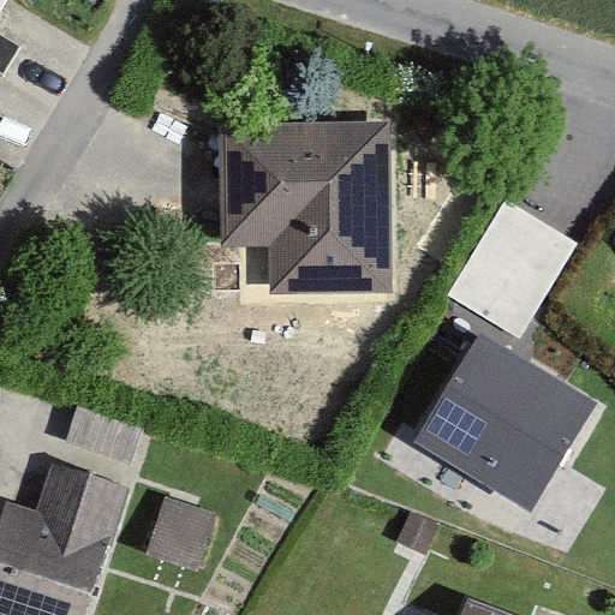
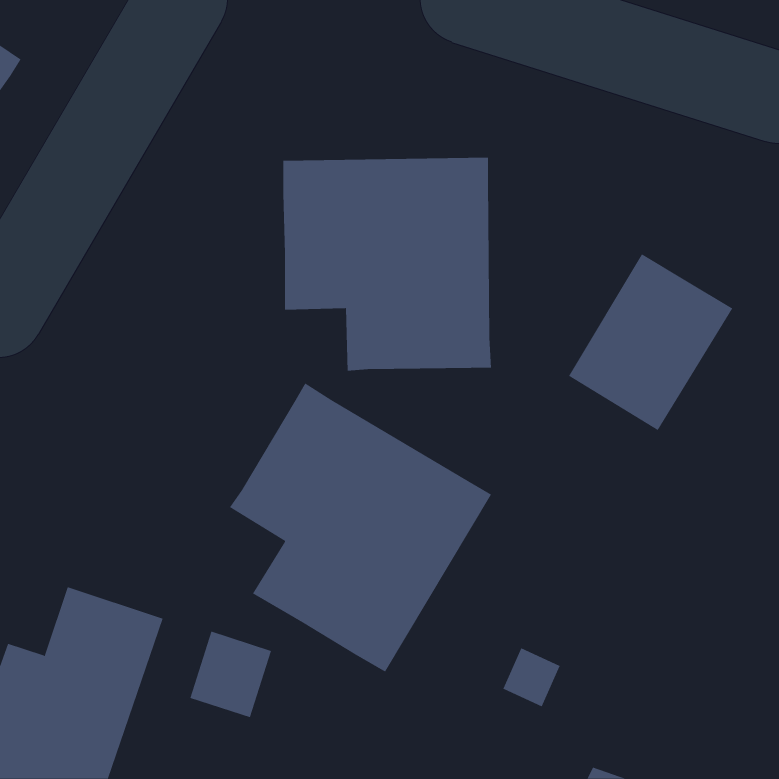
building: none -> [229,382,492,673]
building: [416,339,591,506] -> none

